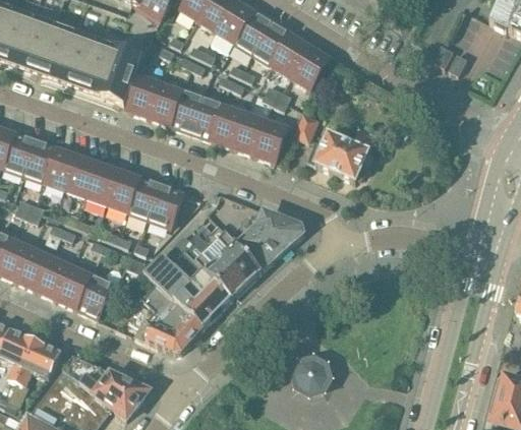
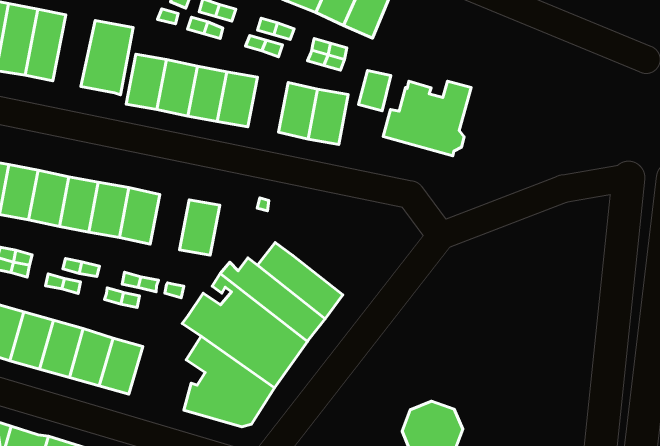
building: [77,40,114,93] -> none
building: [212,105,245,146] -> none
building: [129,178,162,220] -> none
building: [230,211,304,269] -> none

